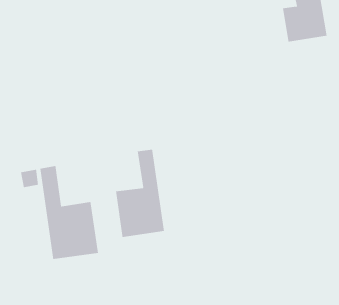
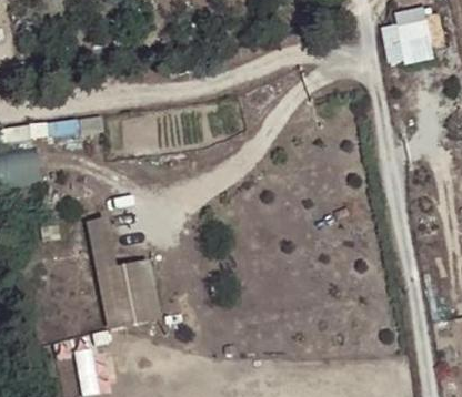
building: [115,149,164,238] -> none

